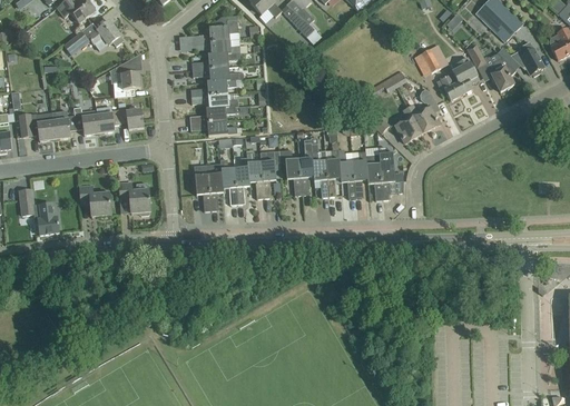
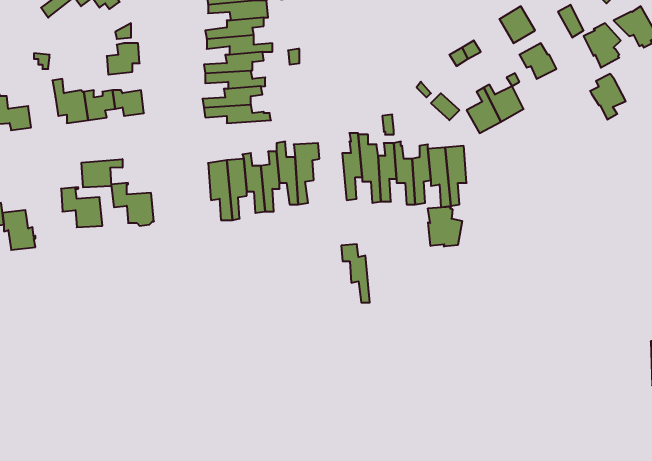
building: [451,57,479,92] -> [590,74,626,120]
building: [50,110,76,138] -> none
building: [278,149,301,195] -> [341,244,370,303]
building: none -> [82,159,122,187]
building: none -> [428,206,462,247]

